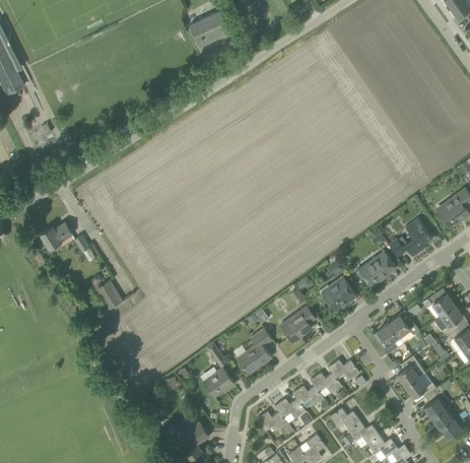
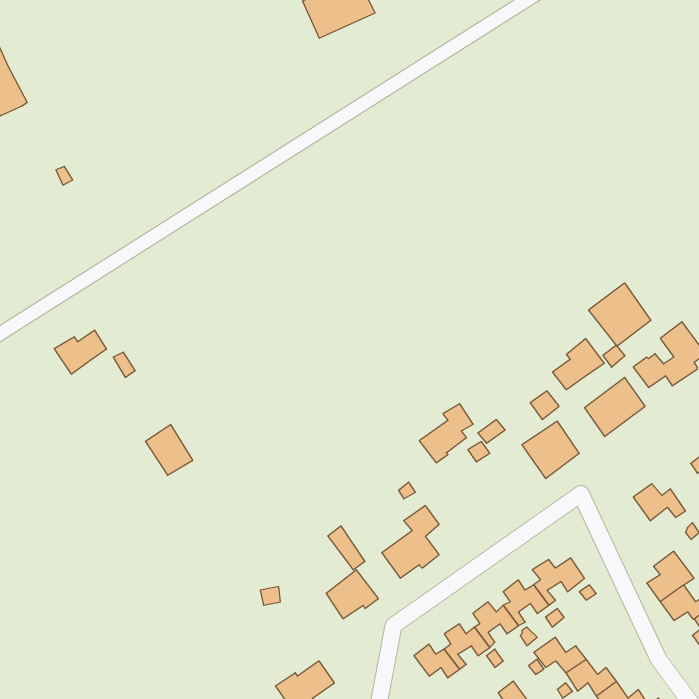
building: none -> [589,283,651,346]
building: none -> [553,338,604,390]
building: [283,307,316,342] -> [419,404,473,463]
building: [376,323,399,354] -> none

